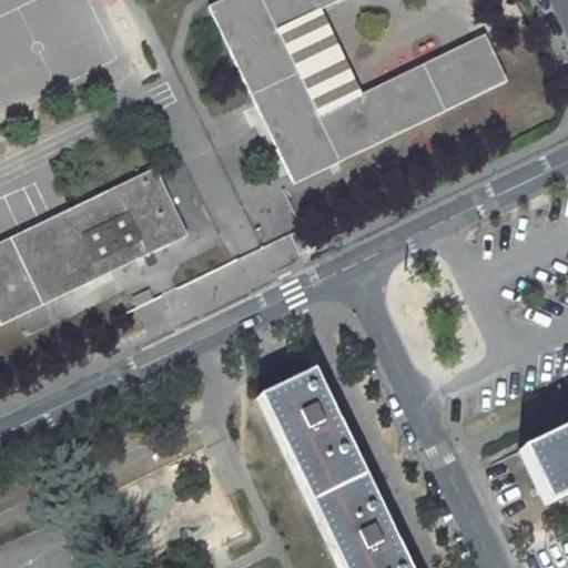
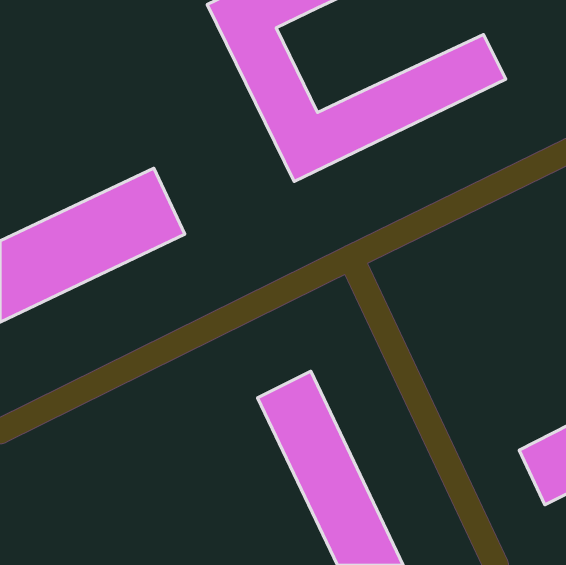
building: [278,8,359,112] -> none

